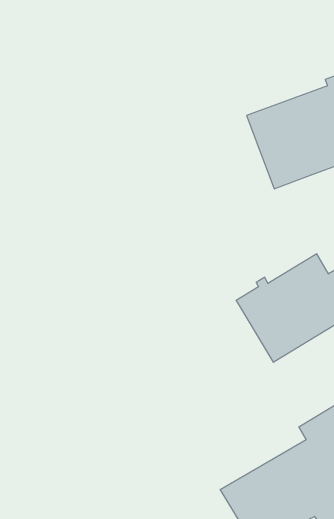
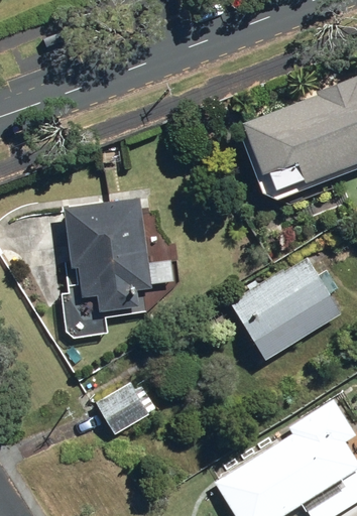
building: none -> [64,201,171,341]
building: none -> [97,382,159,434]

